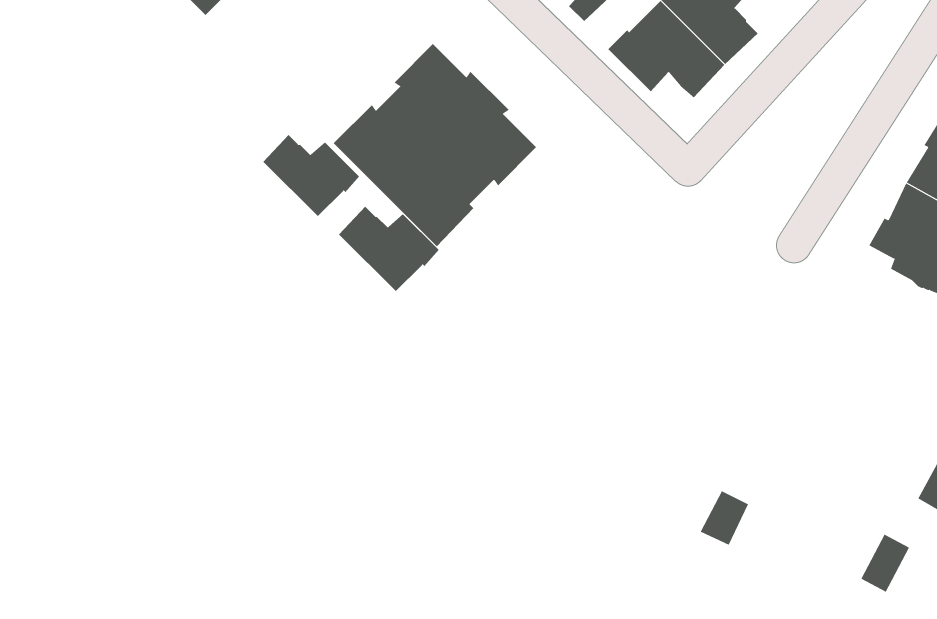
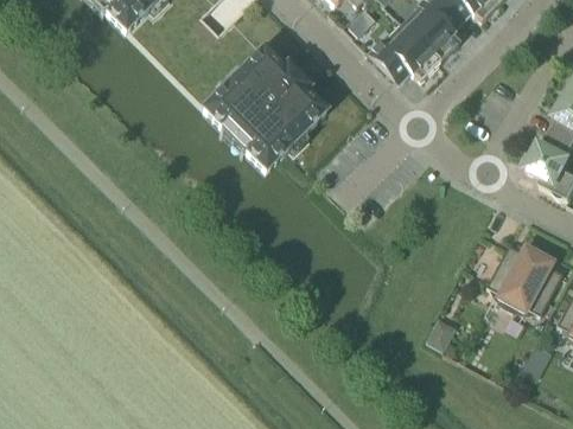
building: [263,134,360,217] -> none
building: [338,206,440,292] -> none
building: none -> [489,241,565,312]

